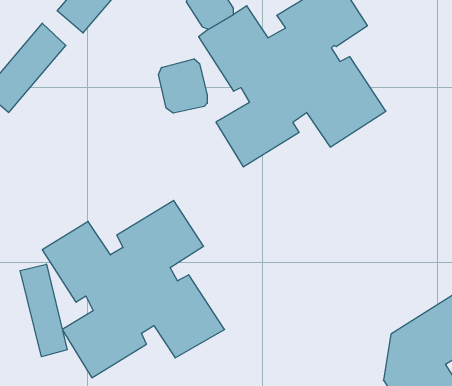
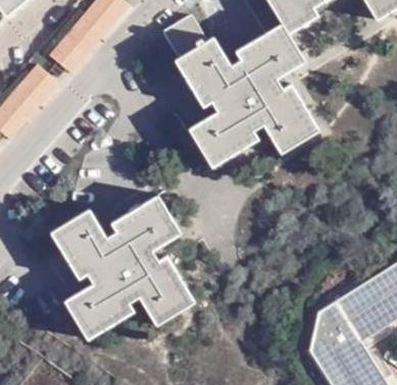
building: [158,59,207,113] -> none
building: [20,264,67,357] -> none

